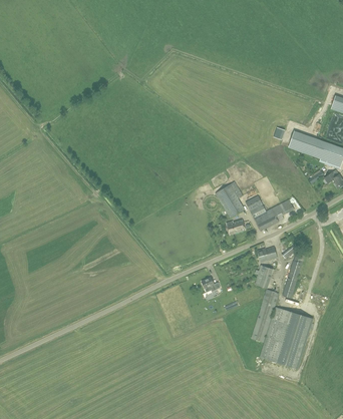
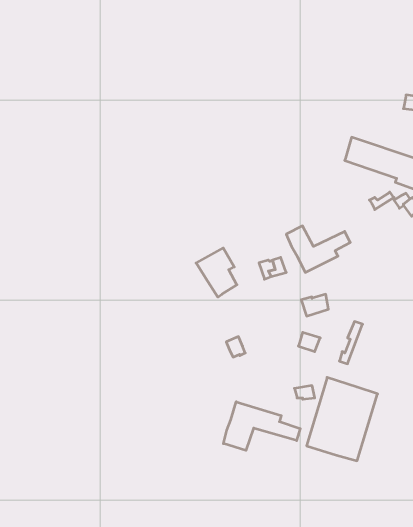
building: [215,181,245,218] -> [196,248,237,297]
building: none -> [223,402,300,450]

